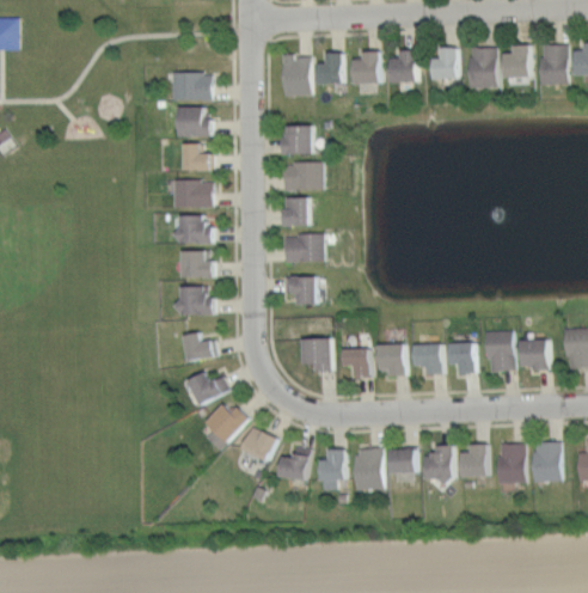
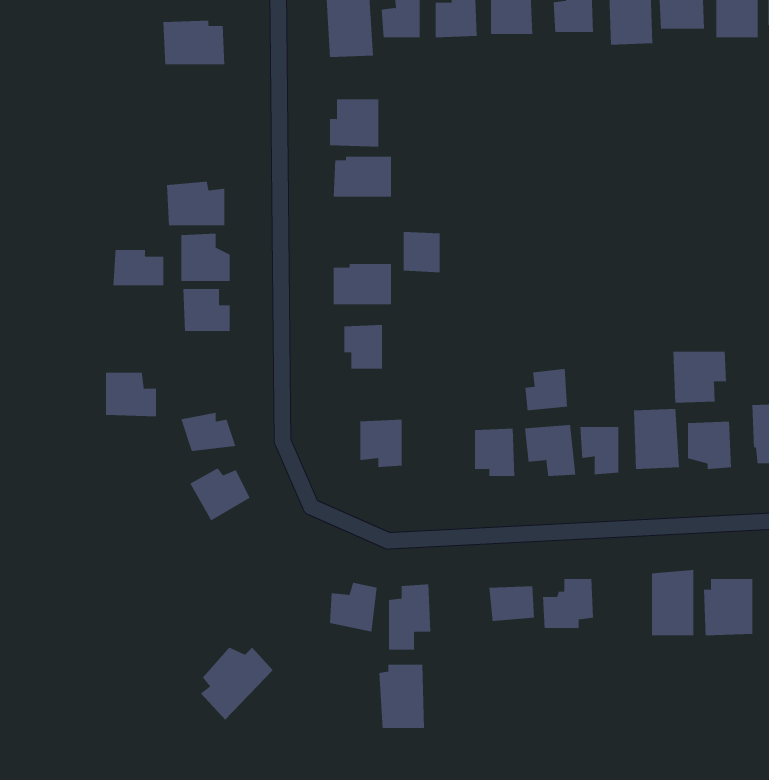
building: [176,108,210,136] -> none
building: [182,145,209,170] -> none
building: [281,197,306,225] -> [403,232,440,273]
building: none -> [113,249,164,286]
building: [182,286,216,316] -> [105,372,157,417]
building: none -> [673,351,726,404]
building: none -> [525,368,568,411]
building: [339,349,367,377] -> none
building: [203,404,252,453] -> [200,647,274,720]
building: [240,429,281,463] -> none
building: [459,441,488,477] -> none
building: [351,448,382,491] -> [378,664,425,728]

